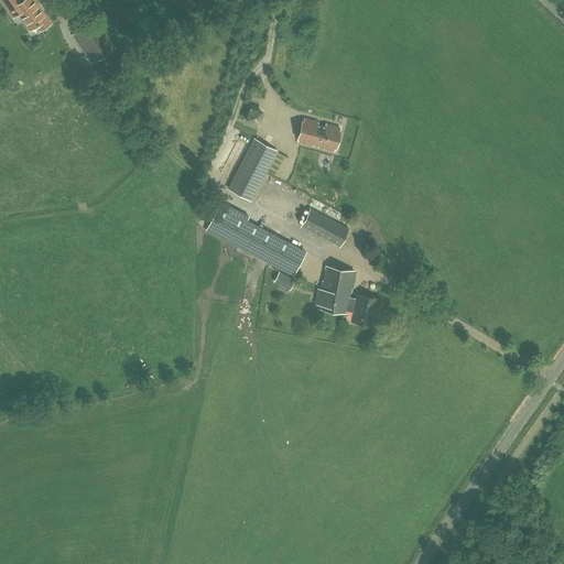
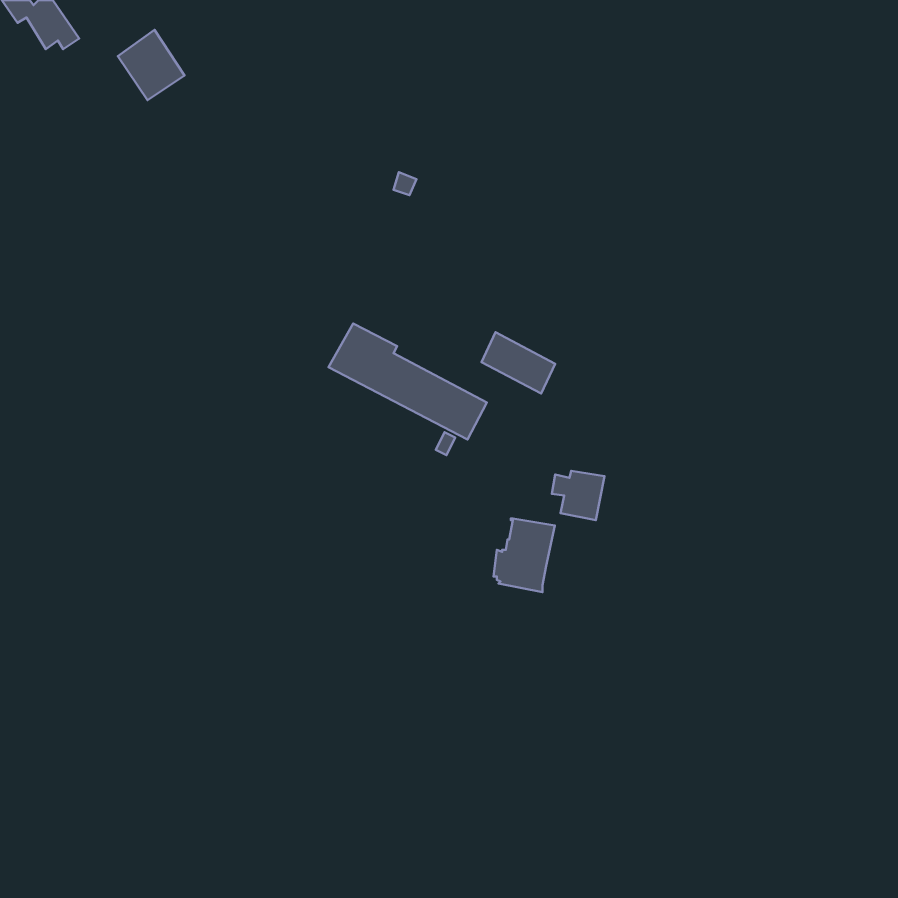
building: [299,118,339,151] -> none
building: [229,140,276,199] -> none
building: [315,268,354,314] -> [493,518,555,592]

